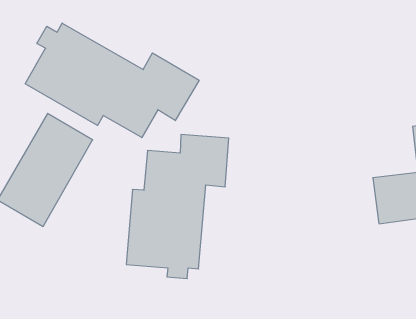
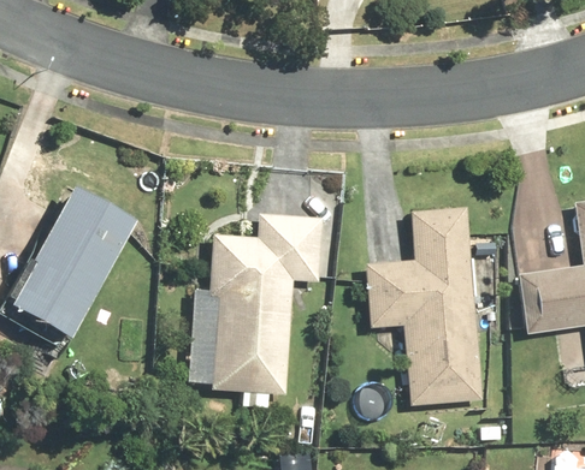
building: [25,23,199,138] -> none
building: none -> [367,206,481,407]

